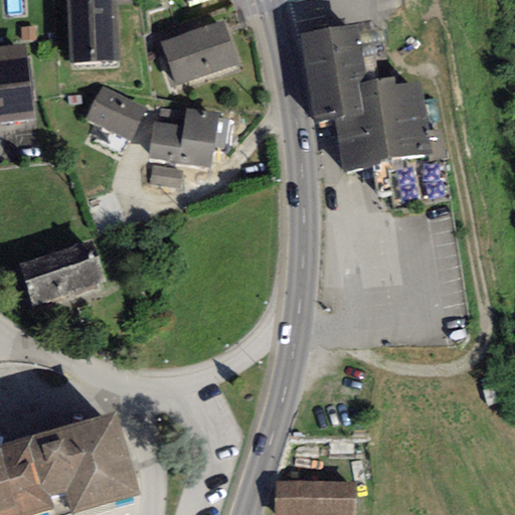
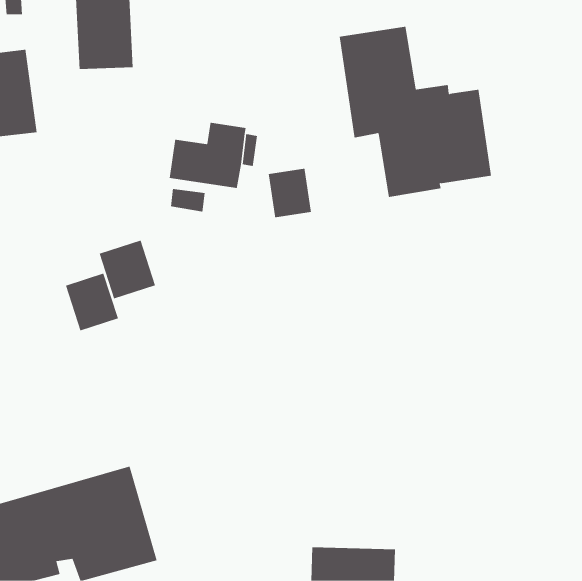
building: [161,20,237,84] -> none
building: [84,85,146,140] -> none
building: none -> [268,168,312,218]
building: [20,251,70,304] -> [99,240,156,299]

